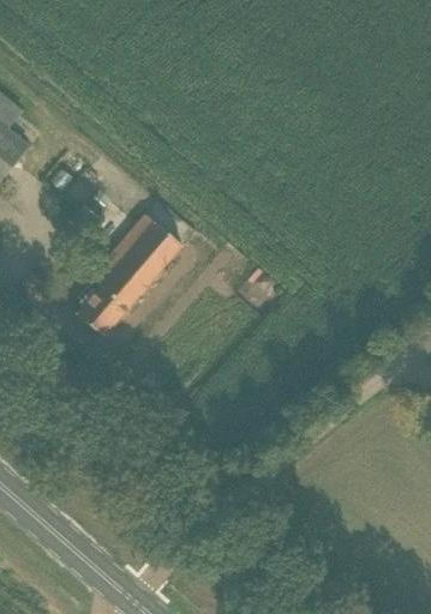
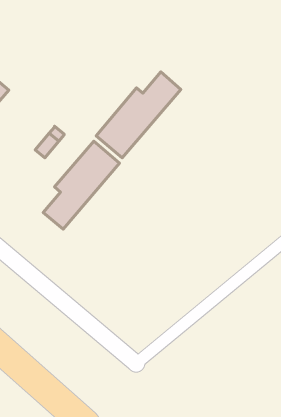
building: none -> [96,72,181,158]

